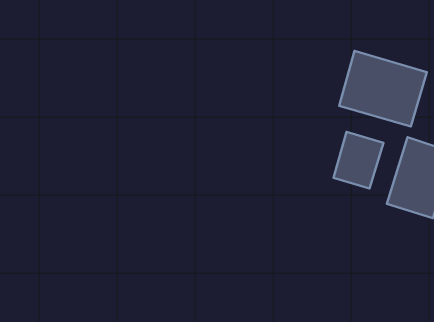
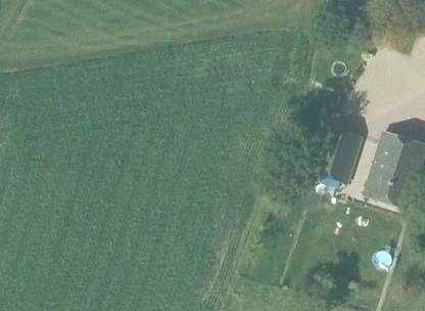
building: [339,51,427,127] -> none

